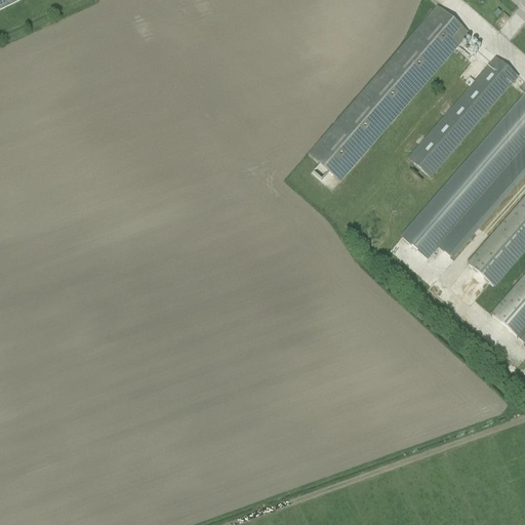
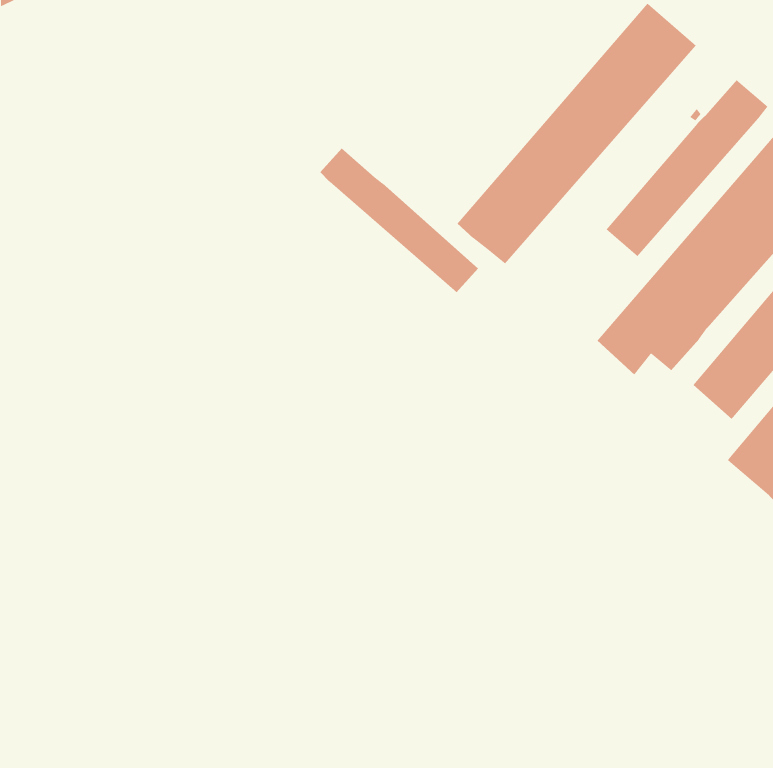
building: none -> [319,147,479,293]

